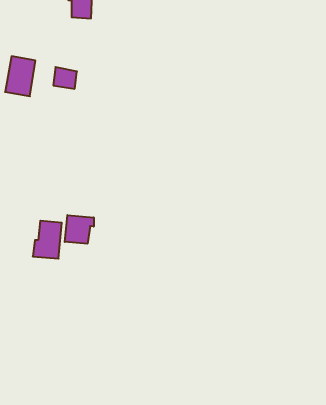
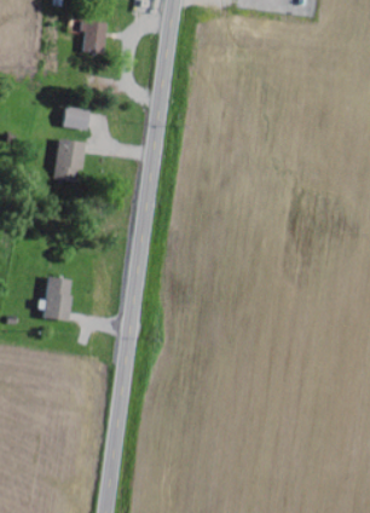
building: [5,56,35,96] -> [52,138,86,183]
building: [65,215,94,244] -> none

